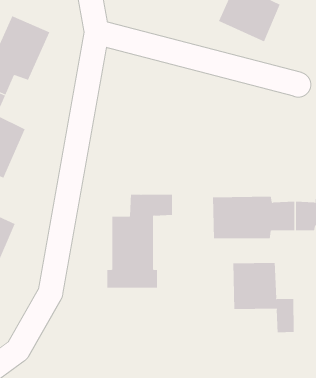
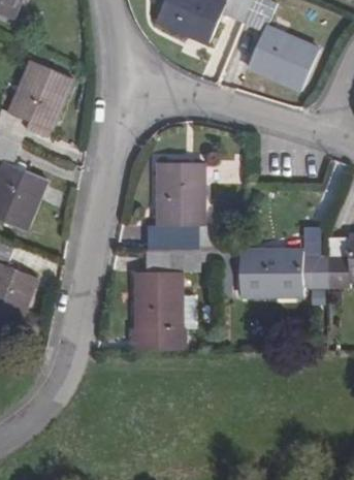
building: none -> [156,162,202,248]
building: [233,262,294,333] -> none

